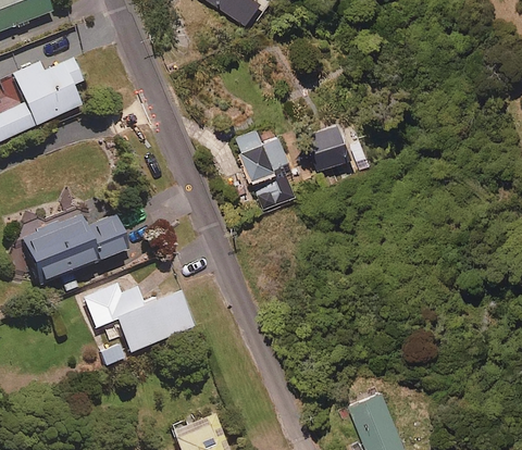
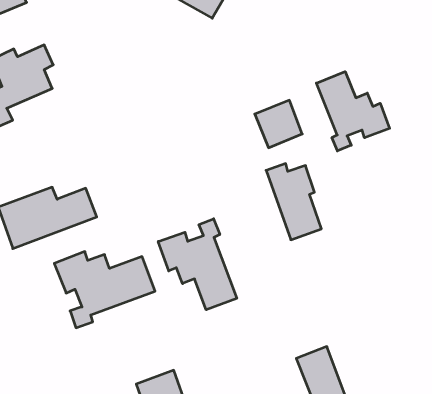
building: none -> [316,72,390,151]
building: [235,128,296,212] -> [266,164,321,240]
building: none -> [158,219,237,310]

